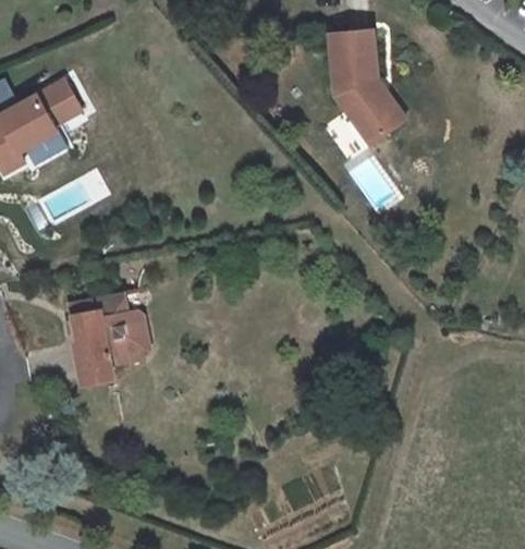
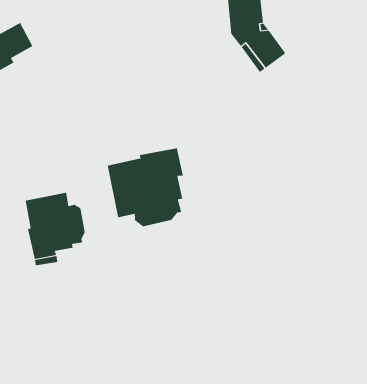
building: none -> [107,148,184,227]

